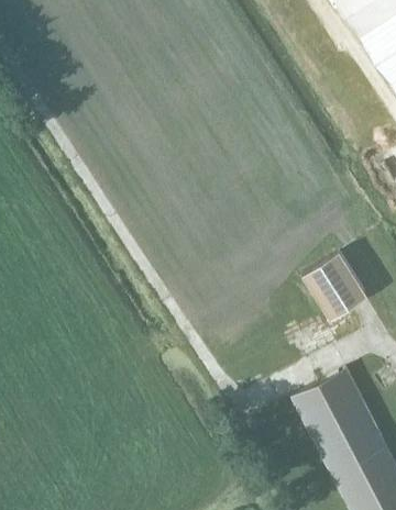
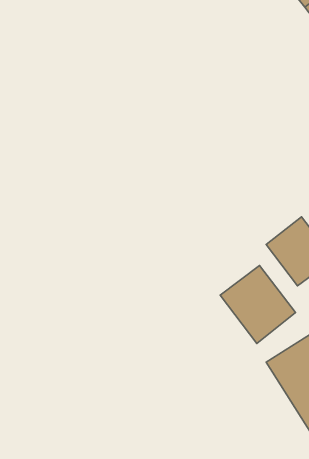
building: none -> [220,266,296,343]

